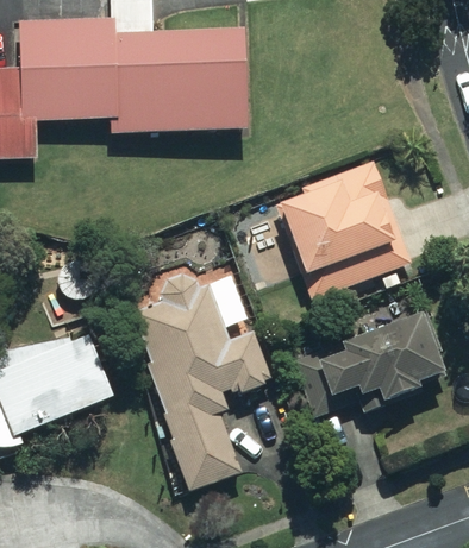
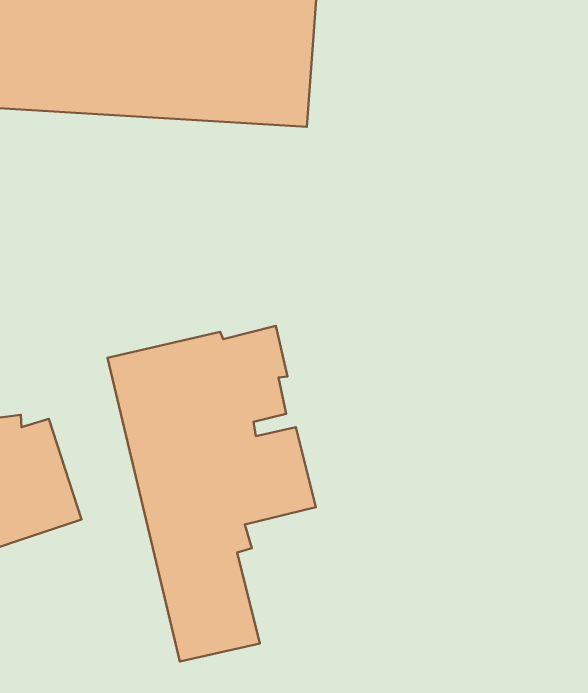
building: [276,158,413,300] -> none
building: [292,304,445,417] -> none

